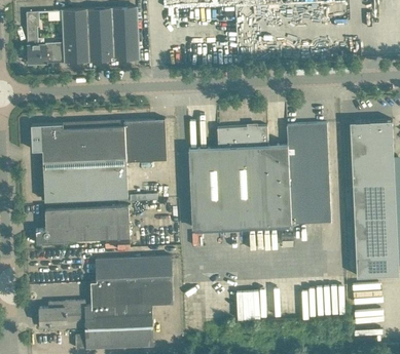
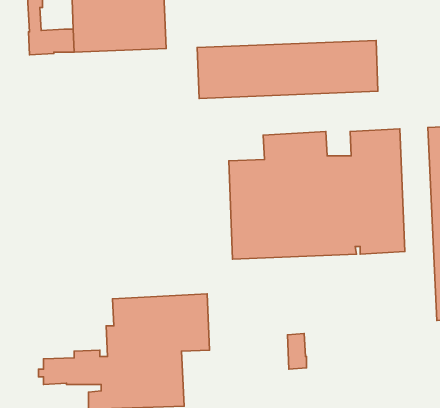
building: none -> [197,40,378,98]
building: [31,119,166,201] -> none
building: [35,205,130,243] -> none

